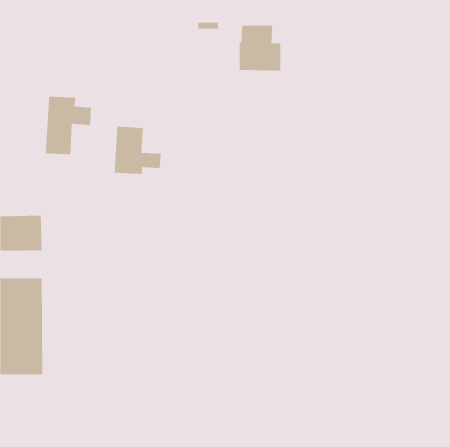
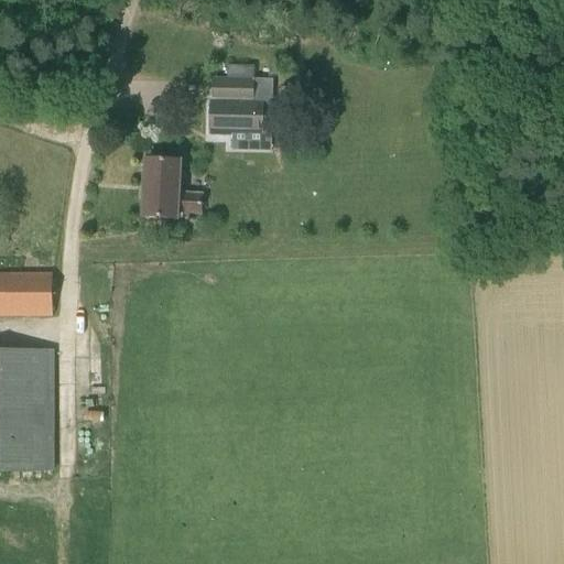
building: [239,25,281,71] -> [209,75,262,132]
building: [45,96,91,155] -> none

